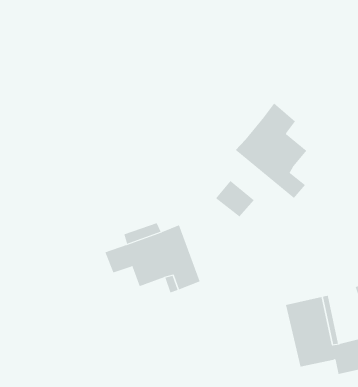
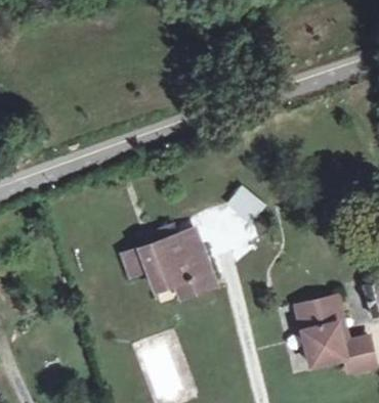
building: [235,102,307,199] -> none

